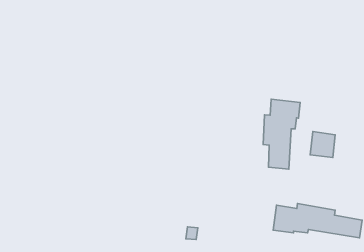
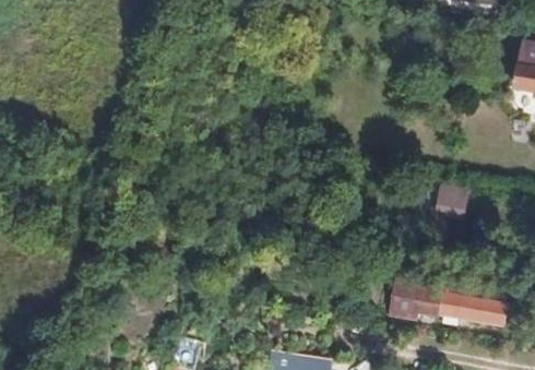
building: [263,99,300,169] -> none

